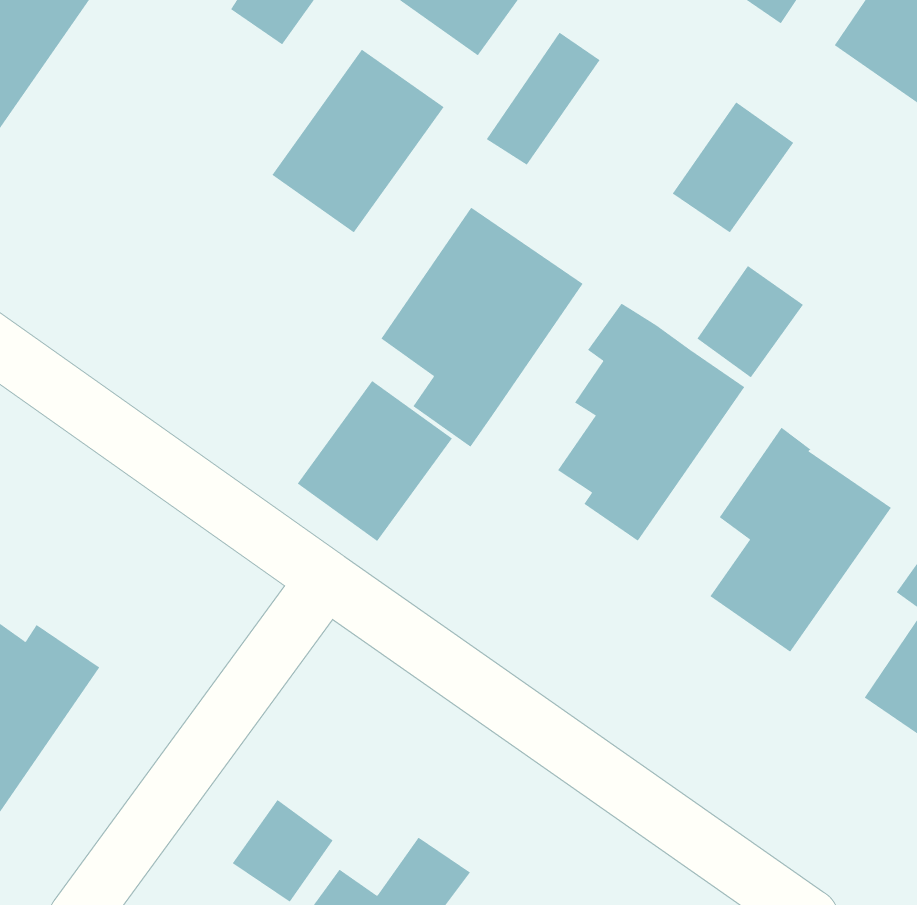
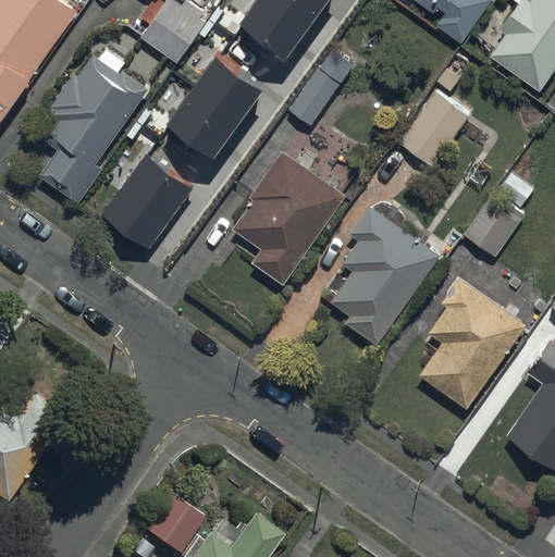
building: none -> [34,49,149,198]
building: [697,265,804,378] -> [462,193,525,258]
building: [297,380,453,542] -> [102,160,193,253]

